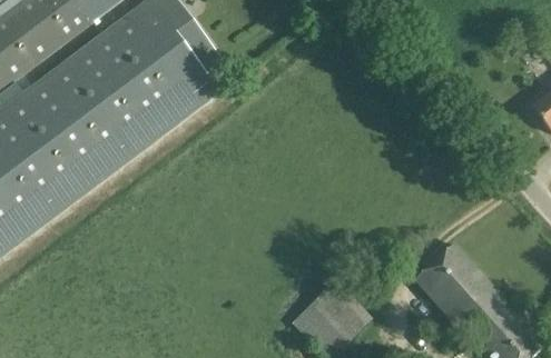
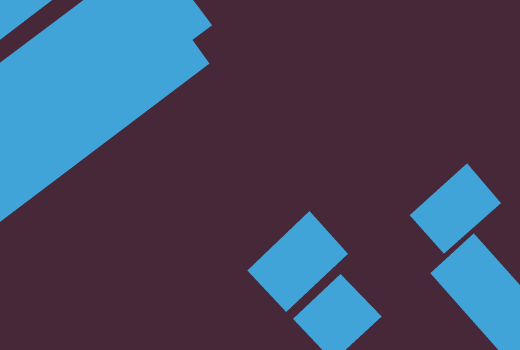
building: none -> [409,162,502,254]
building: none -> [246,210,349,313]

